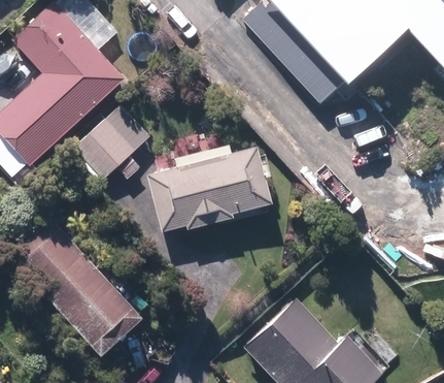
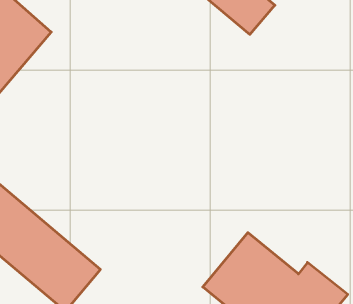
building: [72,105,147,180] -> none
building: [149,147,273,230] -> none

